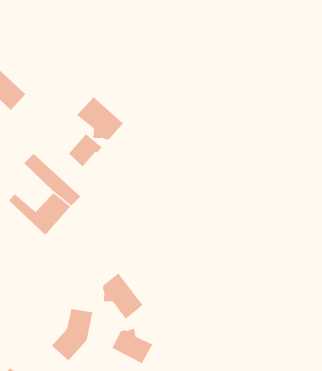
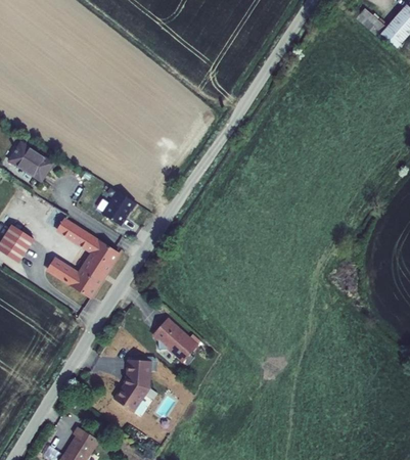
building: [76,97,124,140] -> none
building: [111,328,153,364] -> none

